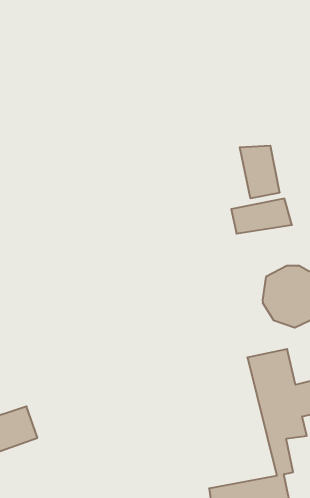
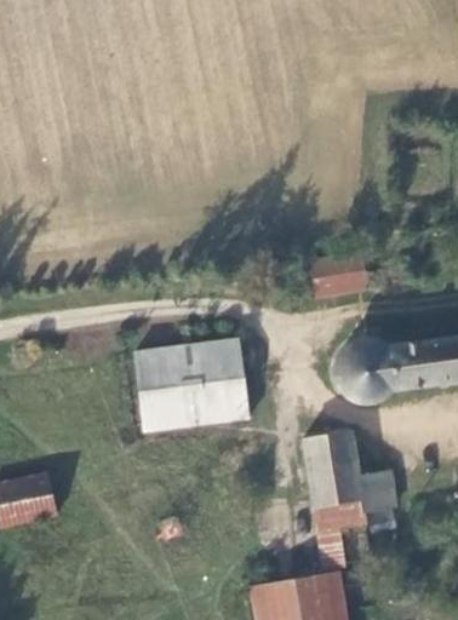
building: [240,146,279,198] -> none
building: none -> [134,337,248,430]

